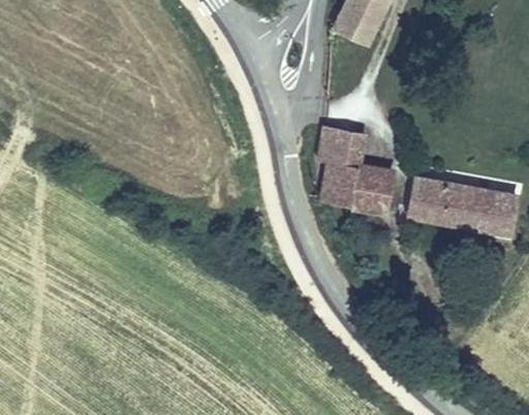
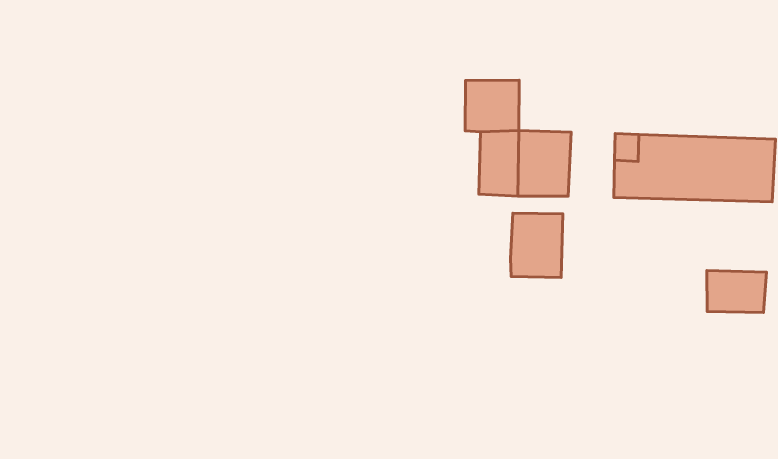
building: none -> [511,213,563,277]
building: none -> [707,271,766,313]

